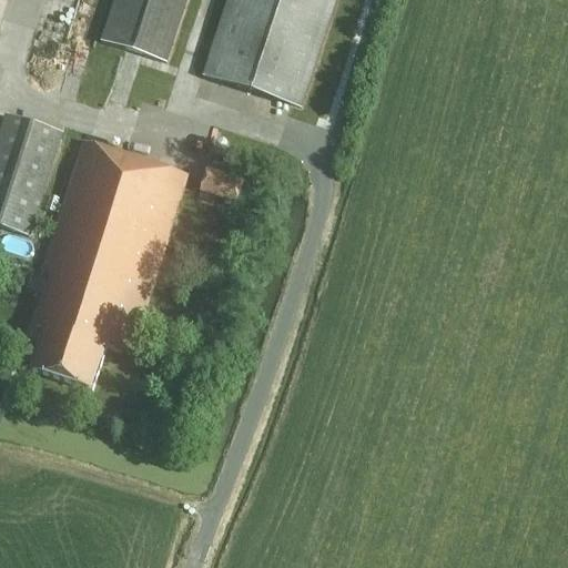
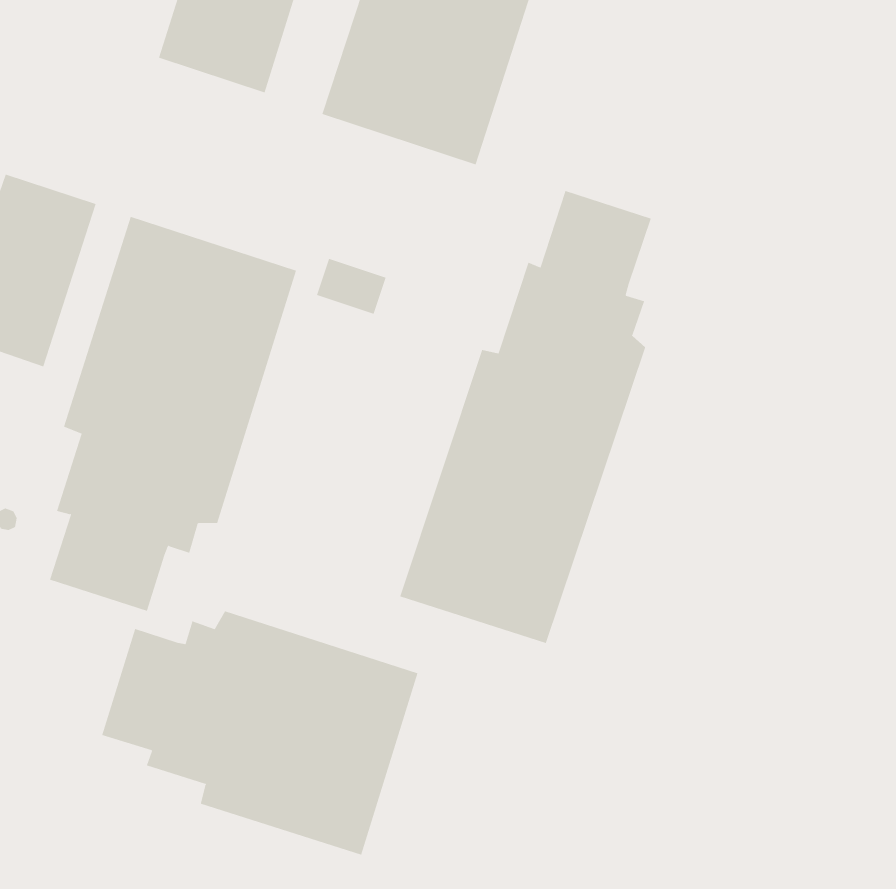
building: none -> [399,190,651,644]
building: none -> [101,611,418,855]

